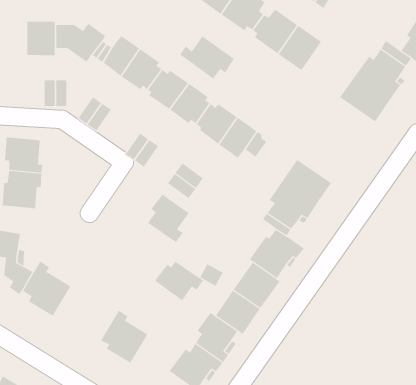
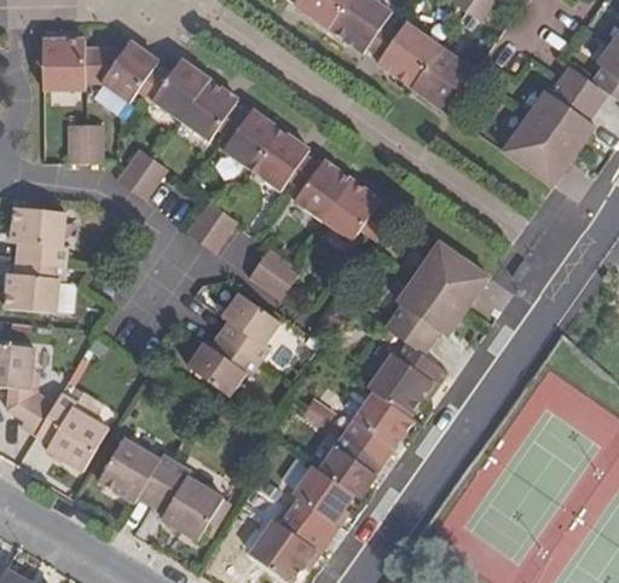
building: [180,35,235,79] -> none
building: [154,261,204,301] -> [189,334,261,393]
building: none -> [97,437,177,506]

